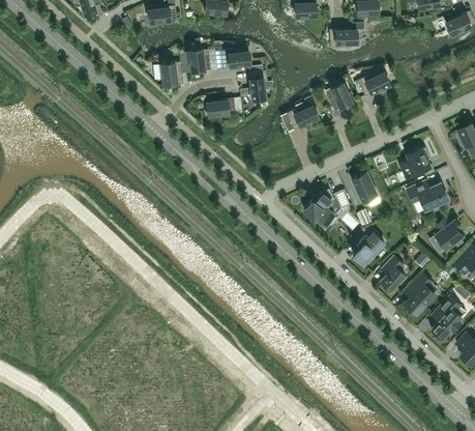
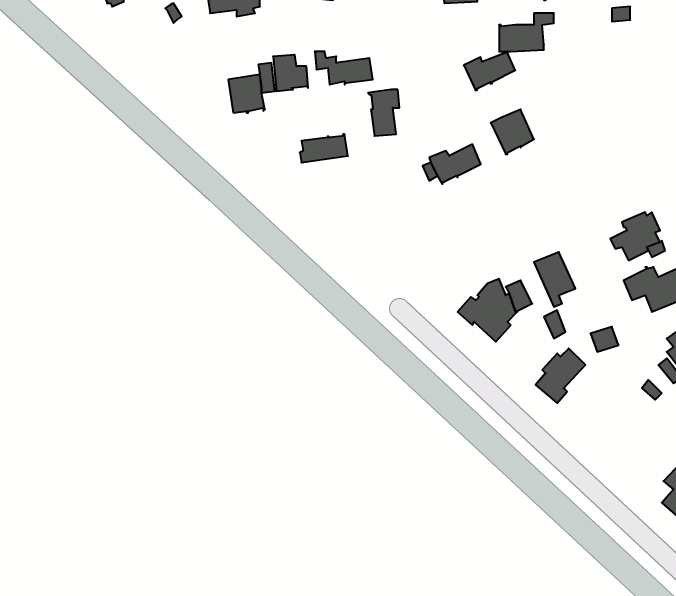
building: [358,73,390,96] -> [464,52,515,90]
building: [381,256,407,291] -> none
building: [405,274,435,314] -> none

